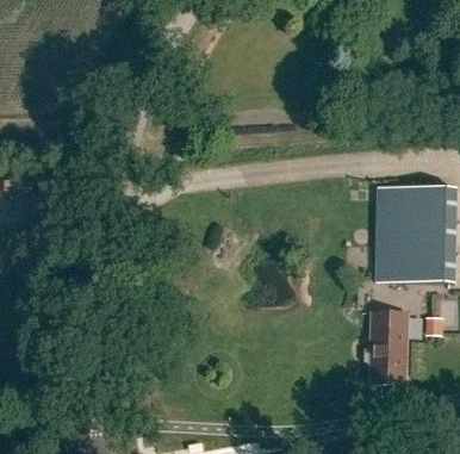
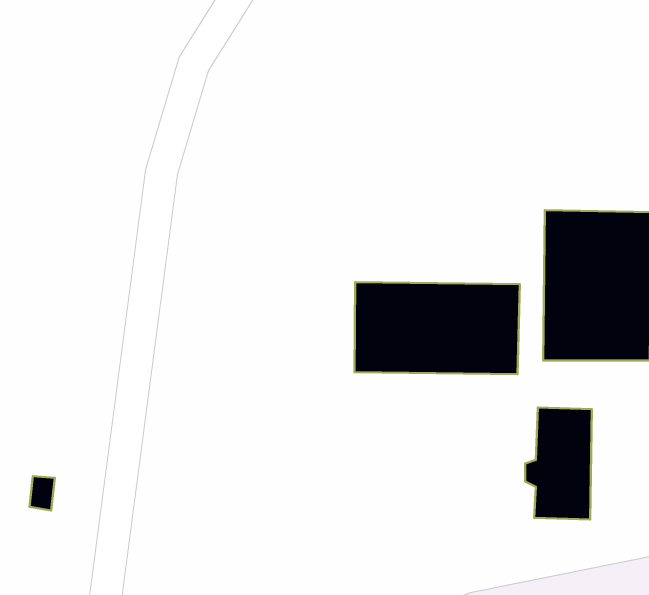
building: none -> [355,282,520,374]

